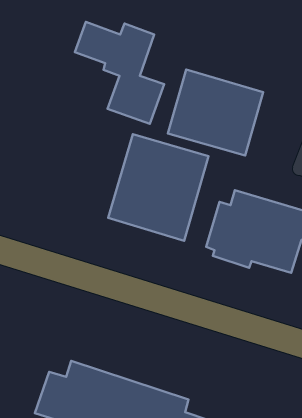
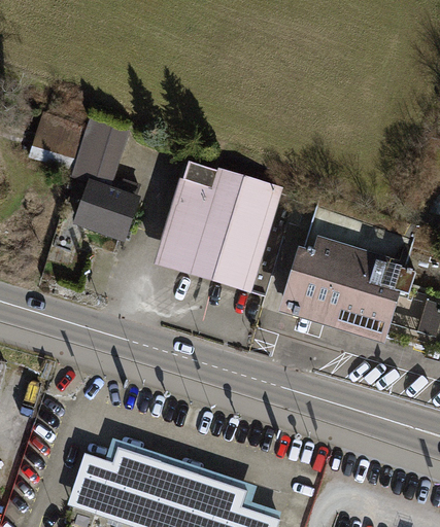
building: [75,22,164,124] -> [33,113,142,238]
building: [168,70,263,155] -> none

